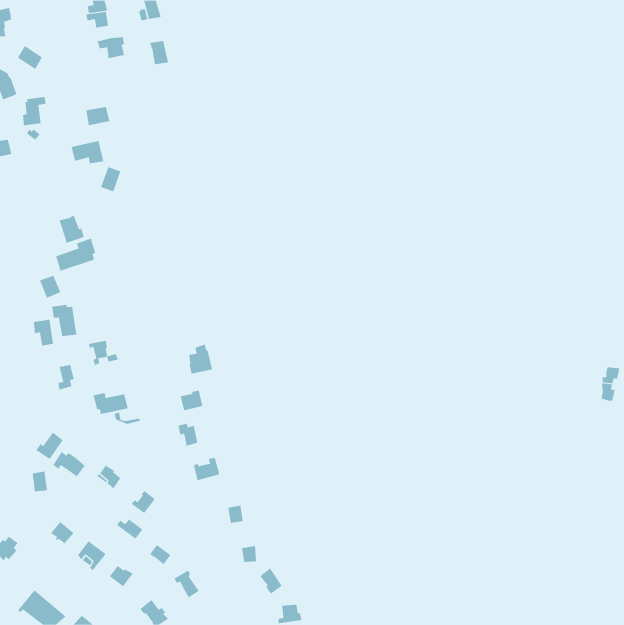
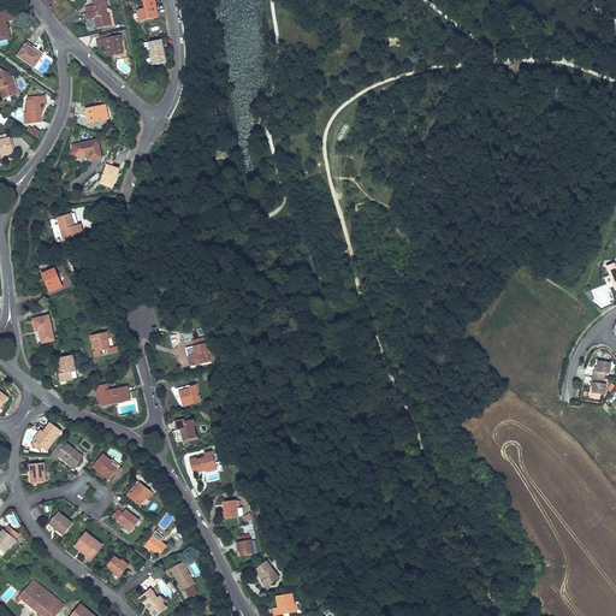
building: [56,238,96,271] -> none
building: [51,304,77,337] -> none

